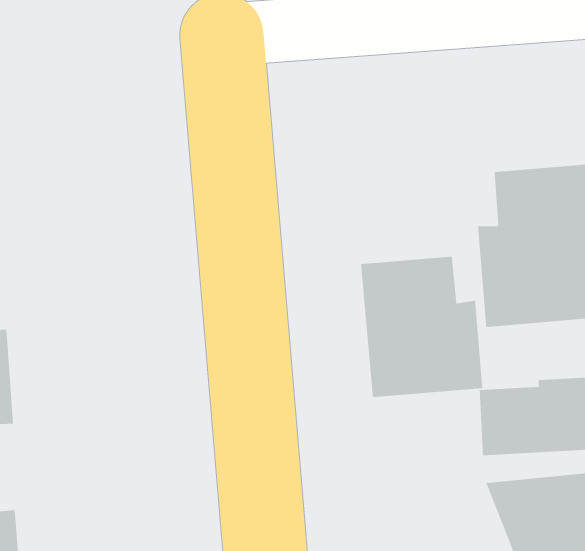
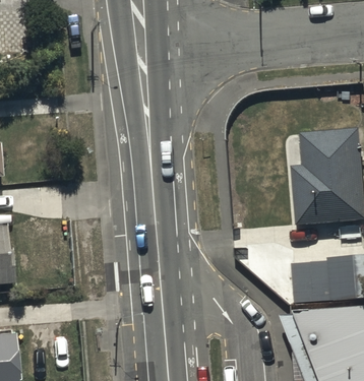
building: [360,256,483,398] -> none

